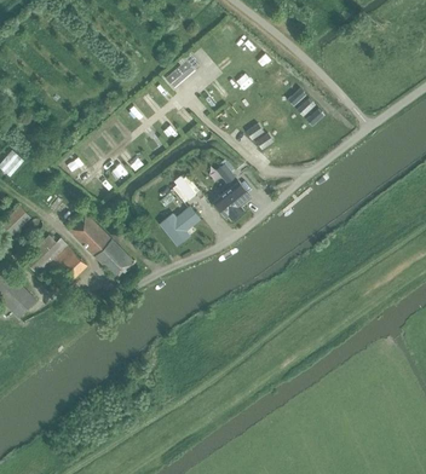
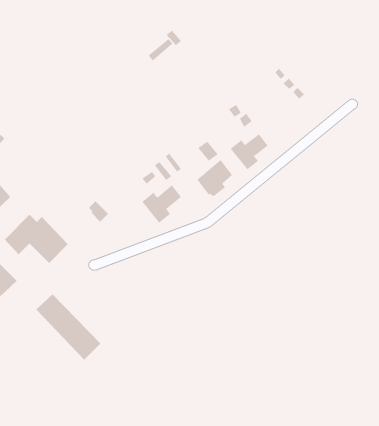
building: none -> [230,134,269,170]
building: [68,213,133,279] -> [35,294,101,361]

